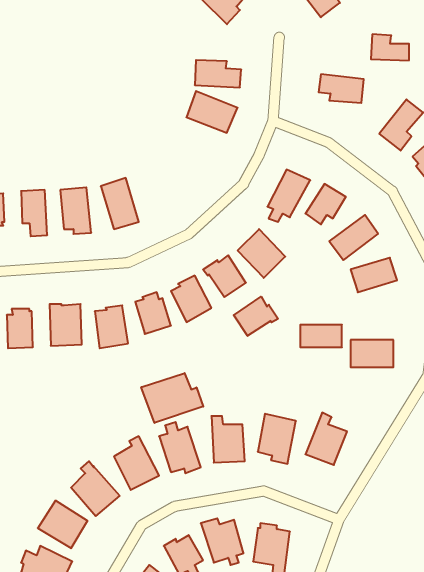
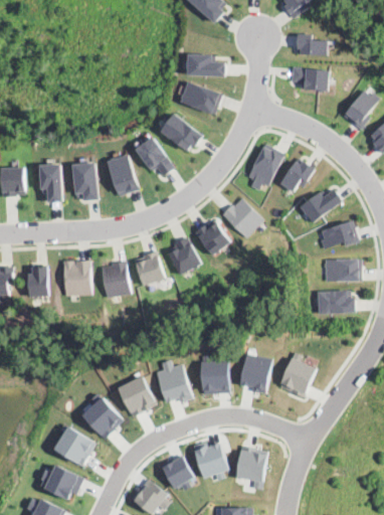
building: [371,34,409,60] -> [295,33,327,55]
building: none -> [160,114,202,153]
building: none -> [135,137,174,177]
building: [234,297,278,336] -> none
building: [300,325,342,347] -> [325,261,360,280]
building: [141,373,203,423] -> none

